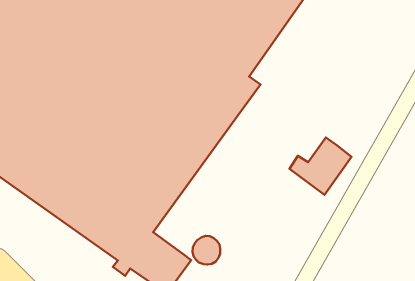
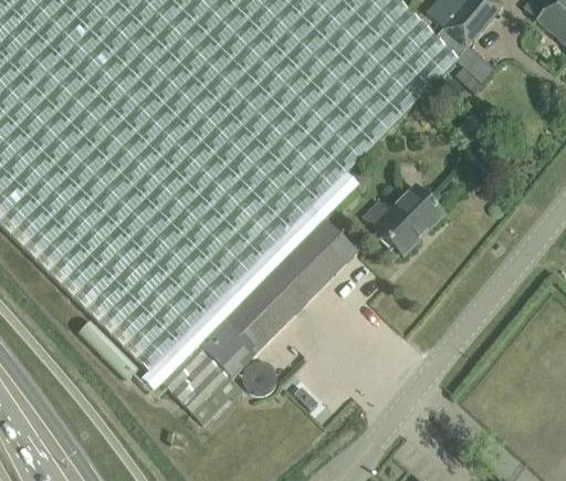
building: none -> [197,219,356,378]
building: [289,137,352,195] -> [364,186,442,255]

